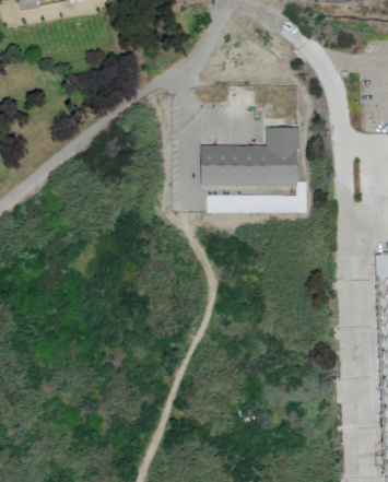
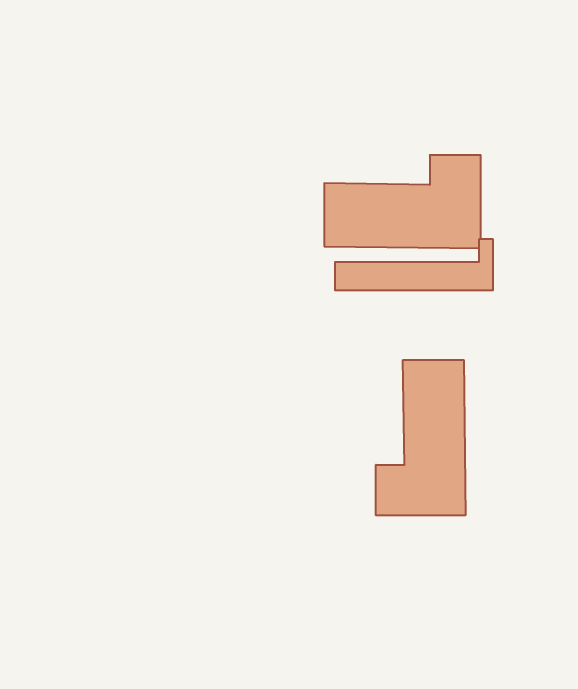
building: none -> [376,360,465,515]

